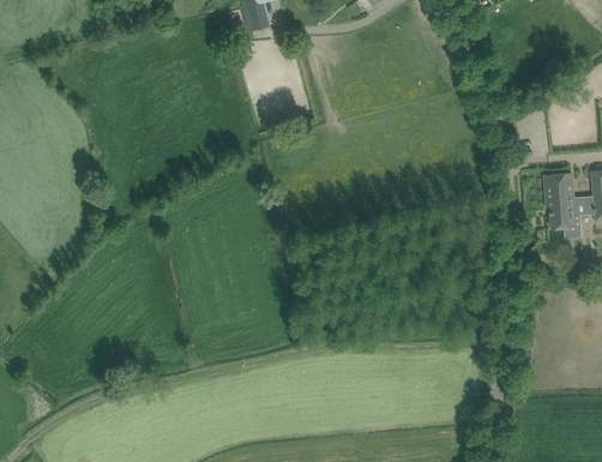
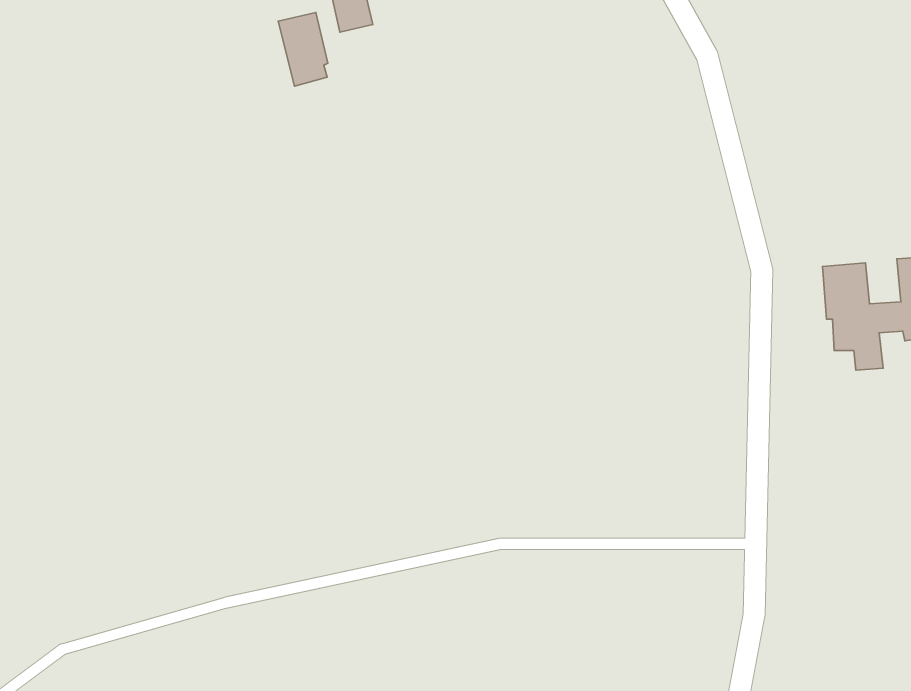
building: none -> [278,12,328,86]

